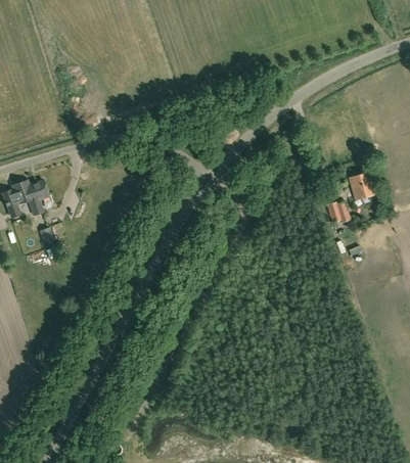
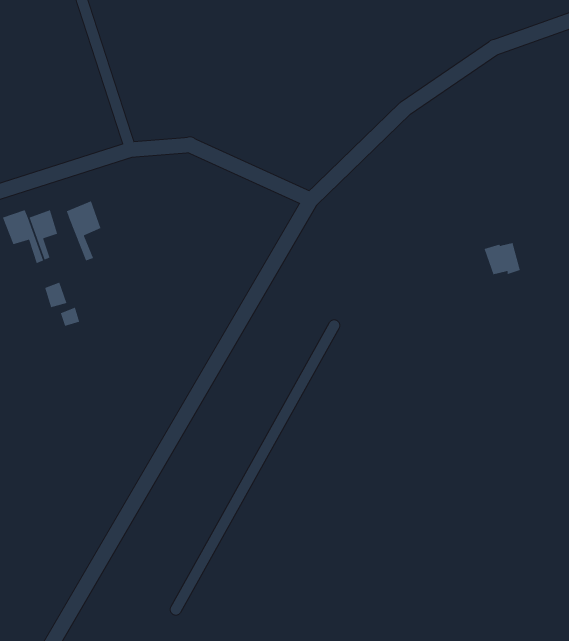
building: [349,172,373,198] -> none
building: none -> [66,200,101,262]

